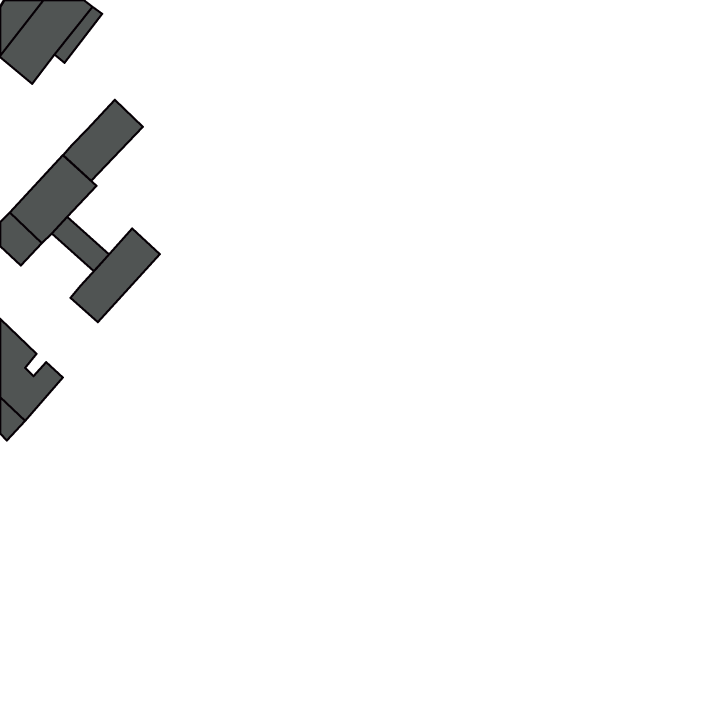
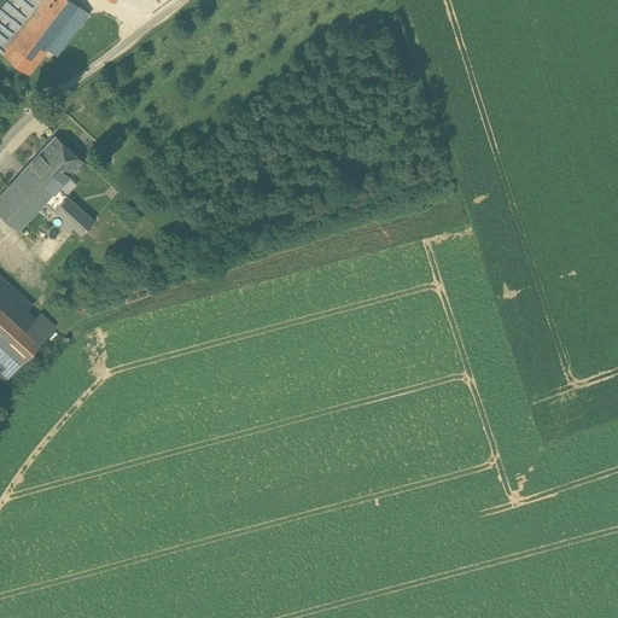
building: [63,100,143,181] -> none
building: [70,229,160,322] -> none

